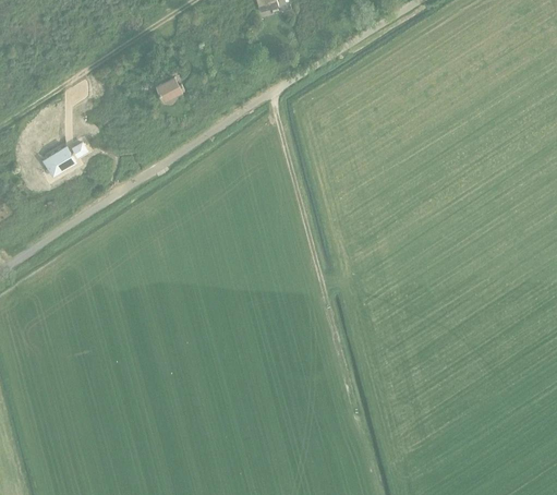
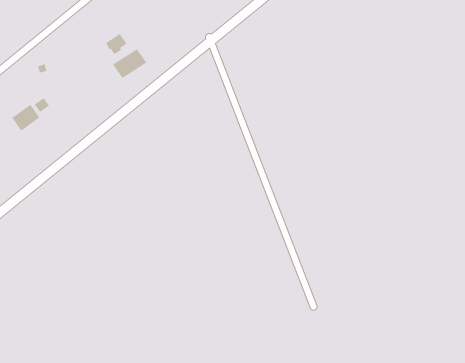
building: none -> [112,48,147,79]

